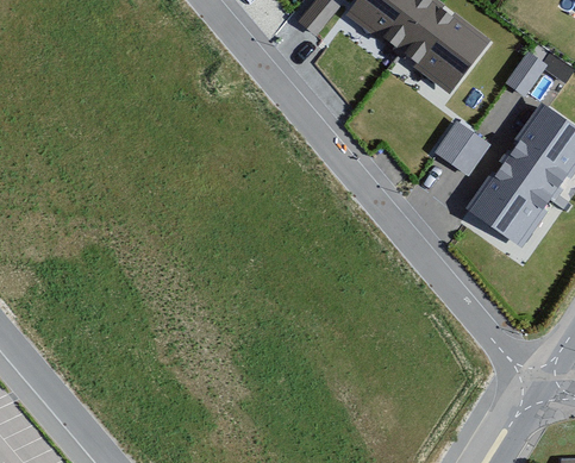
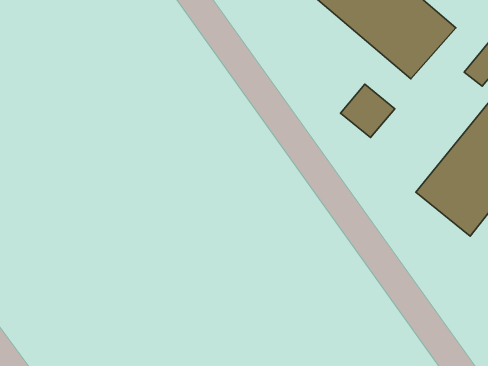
building: [435,121,489,175] -> [341,84,395,138]

